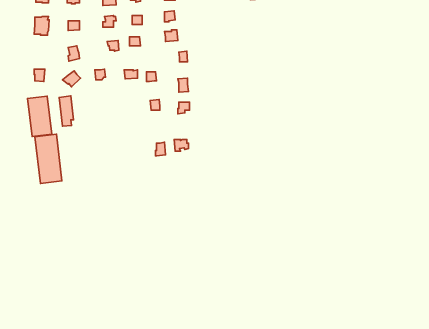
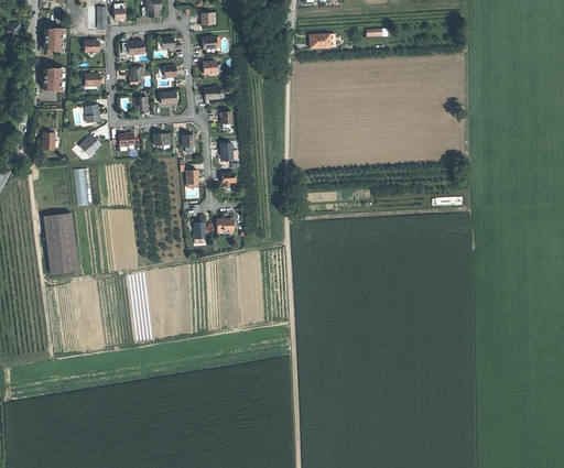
building: [27,96,52,136] -> none

